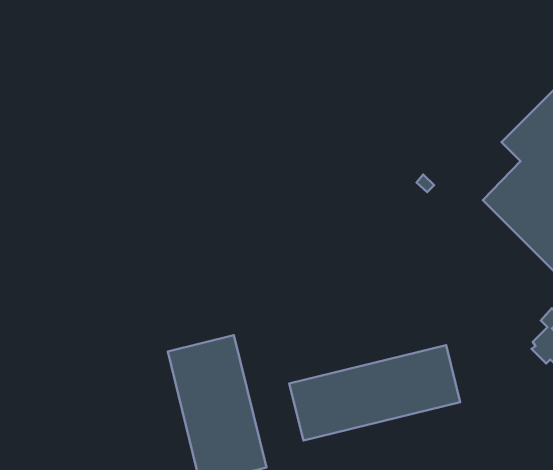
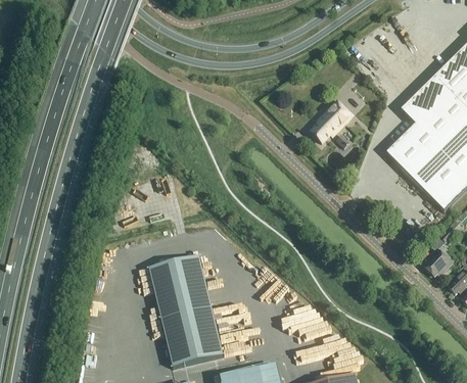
building: none -> [311,100,352,142]
building: [289,345,460,441] -> none

